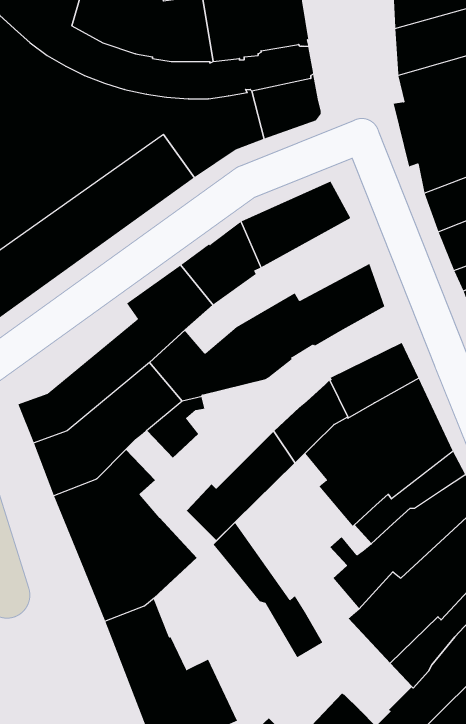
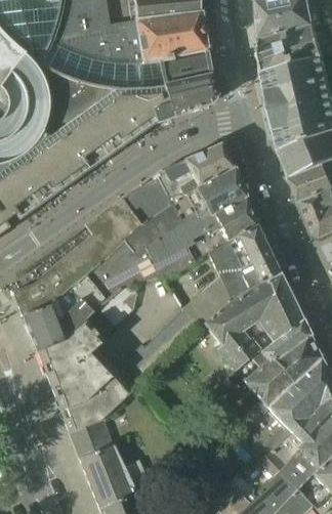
building: none -> [124,165,246,254]
building: none -> [208,223,267,271]
building: [213,522,323,658] -> none

